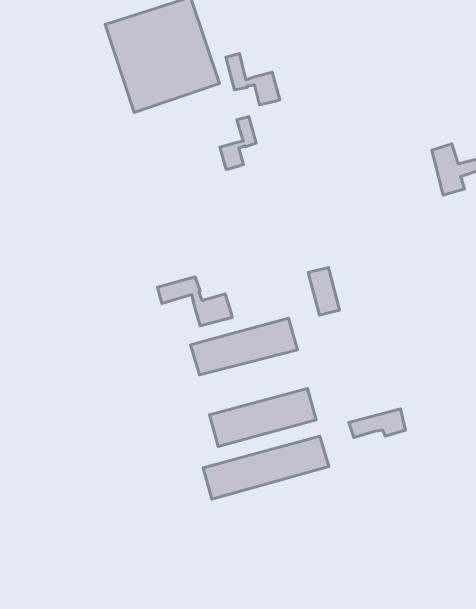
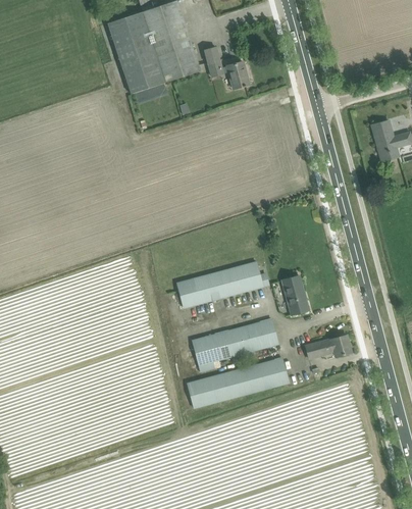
building: [220,117,256,170] -> none
building: [308,267,340,315] -> [282,275,308,314]
building: [158,277,232,326] -> none

